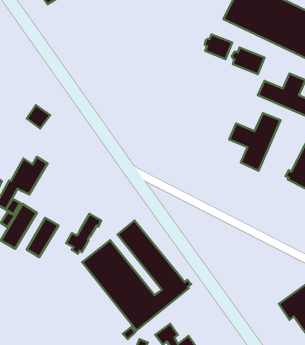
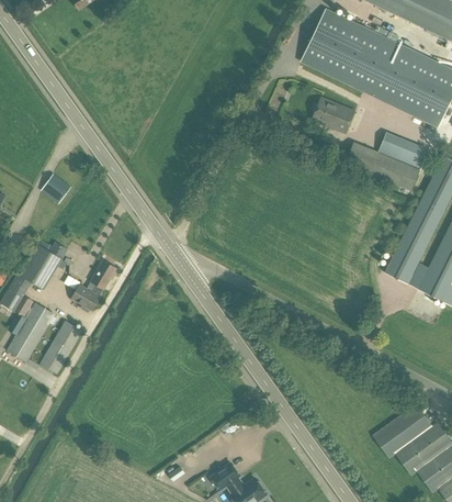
building: [205,34,232,59] -> none
building: [229,113,280,171] -> none
building: [66,214,101,254] -> [71,260,117,313]
building: [82,221,191,330] -> none

